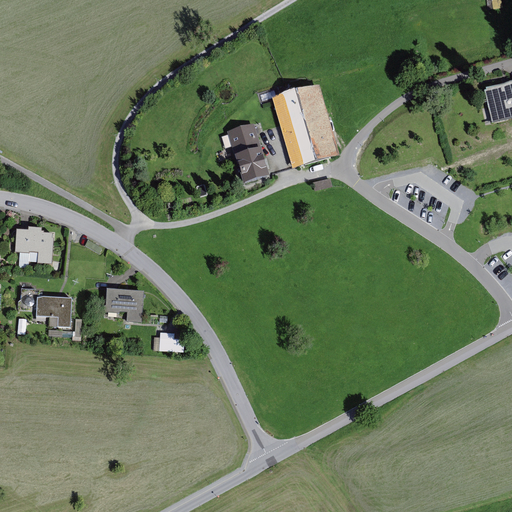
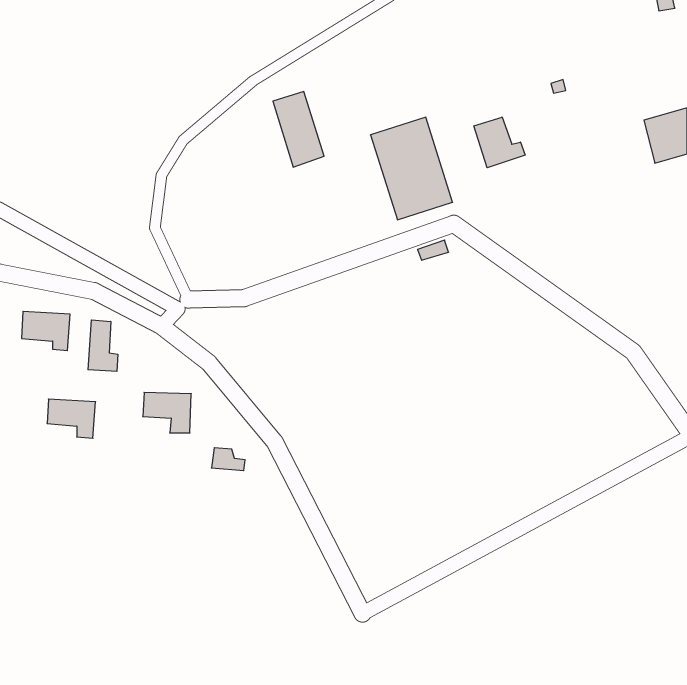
building: none -> [474,117,525,168]
building: [229,125,267,181] -> [273,92,324,167]
building: none -> [88,320,118,371]

